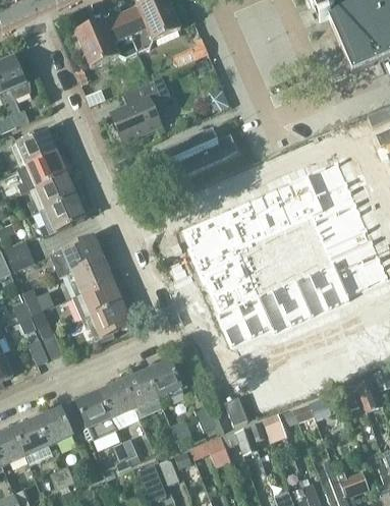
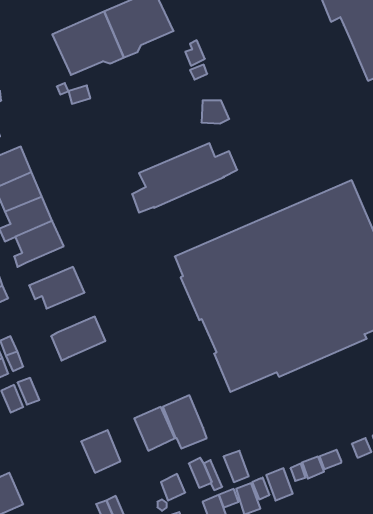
building: [110,75,171,140] -> none
building: [69,259,112,294] -> none
building: [89,301,130,342] -> none
building: [123,370,162,416] -> [163,395,207,449]
building: [75,390,116,439] -> none
building: [37,407,72,445] -> none

